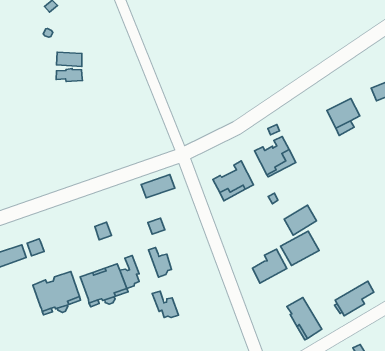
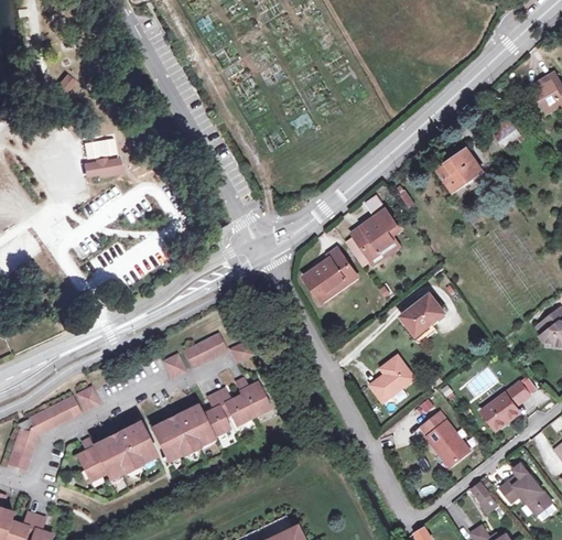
building: [141,175,175,198] -> [182,331,226,365]
building: [281,231,319,266] -> none
building: none -> [77,436,105,476]
building: [152,291,178,317] -> [214,386,251,419]

